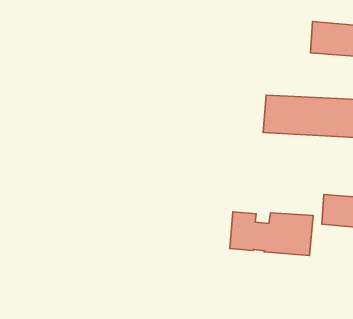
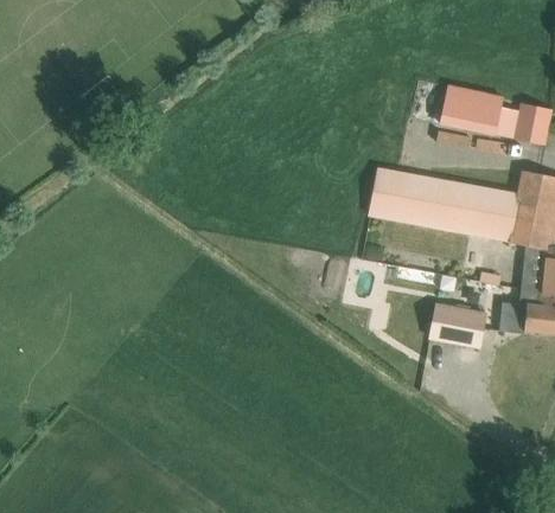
building: [230,212,313,256] -> none

